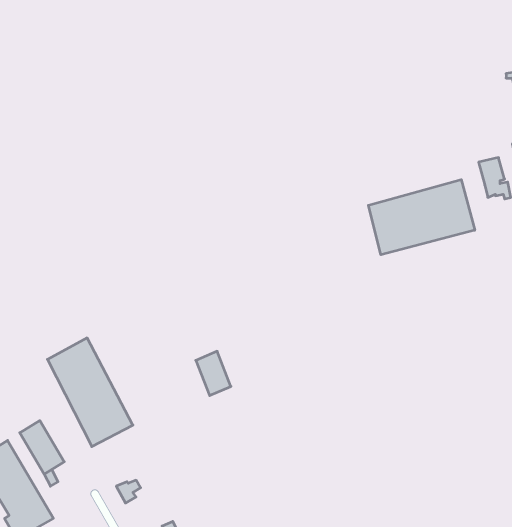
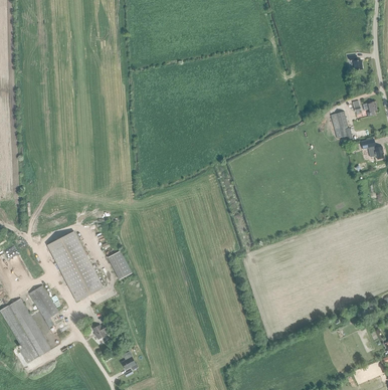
building: [368,180,475,255] -> none
building: [196,351,231,396] -> [107,249,130,278]

